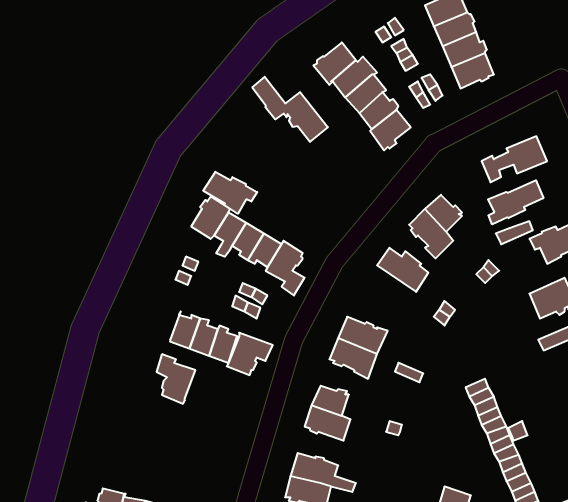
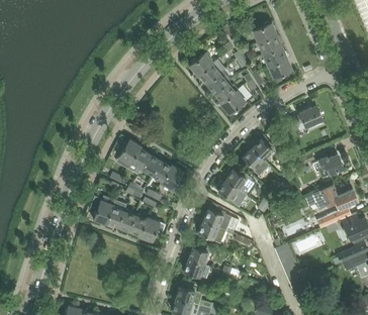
building: [252,77,328,142] -> none
building: [203,172,257,214] -> none
building: [488,180,543,224] -> none
building: none -> [218,179,248,206]
building: [157,354,195,404] -> [91,196,113,224]

